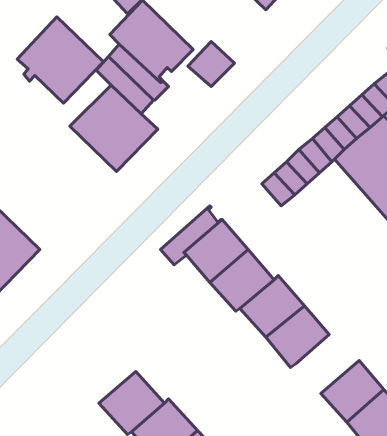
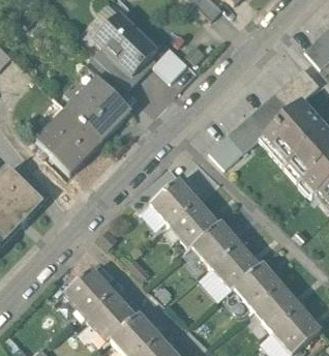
building: [17,17,103,103] -> [35,108,100,173]
building: none -> [236,262,283,309]
building: none -> [65,269,115,317]

